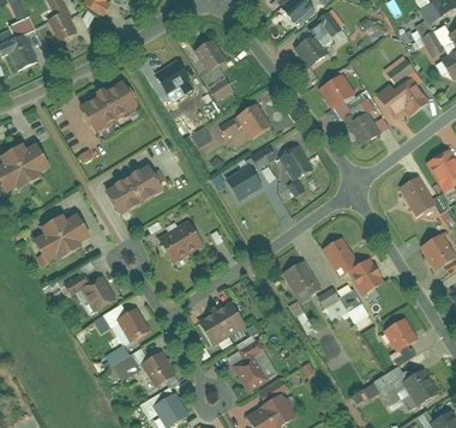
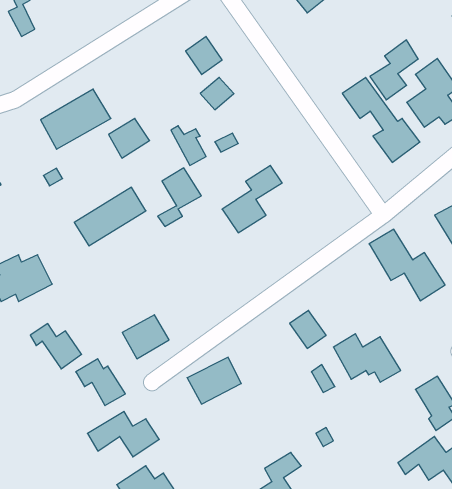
building: [295,16,335,65] -> [370,40,418,100]
building: [156,61,190,94] -> [109,118,150,158]
building: [234,103,270,151] -> [158,168,201,226]
building: [280,145,316,182] -> none
building: [161,223,199,259] -> [122,315,169,359]
building: [322,235,384,294] -> [369,229,445,301]
building: [233,340,268,388] -> none

